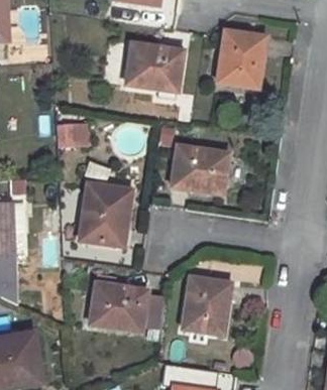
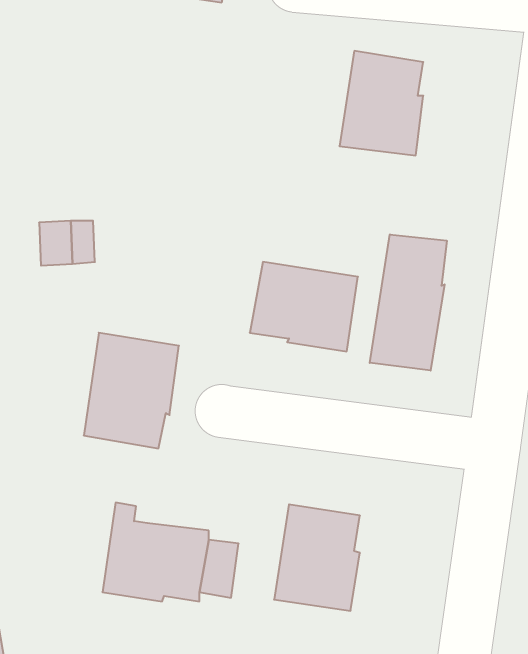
building: [125,43,183,89] -> none
building: none -> [370,234,447,371]

